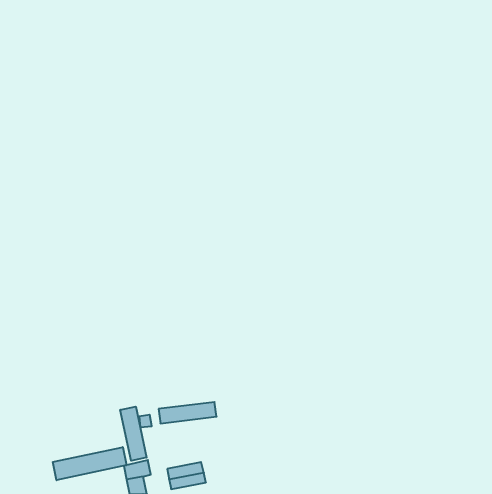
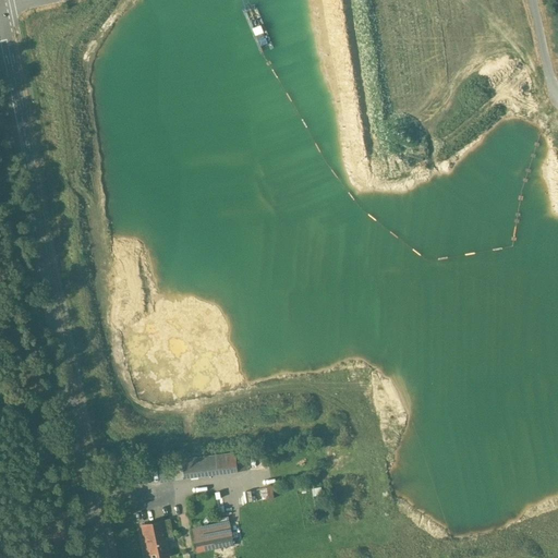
building: [120,407,147,461] -> none
building: [53,447,126,480] -> none

